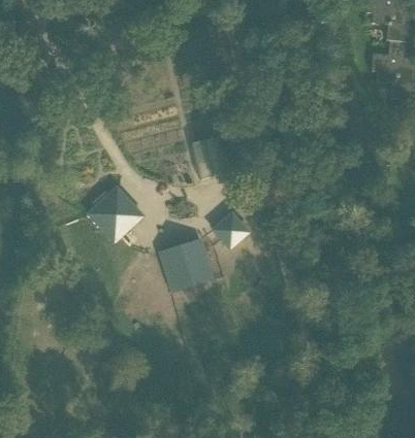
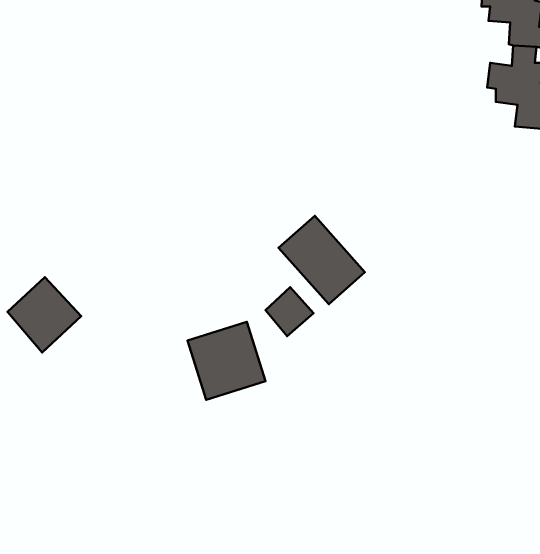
building: none -> [279,216,365,304]
building: [88,186,140,239] -> [7,277,81,352]

